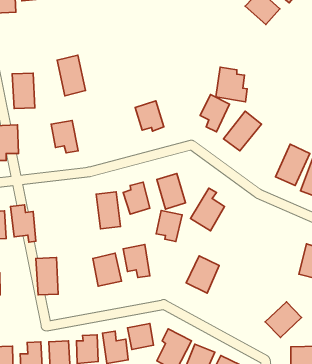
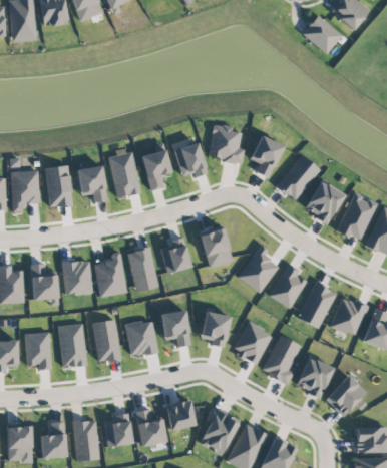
building: [57,55,86,96] -> [108,151,141,198]
building: [216,67,247,102] -> [209,123,245,163]
building: [12,73,35,109] -> [46,166,72,207]
building: none -> [141,149,172,190]
building: none -> [305,181,344,222]
building: none -> [94,252,127,297]
building: none -> [61,259,93,296]
building: none -> [270,264,307,308]
building: [156,210,182,242] -> [201,311,231,347]
building: none -> [299,283,336,328]
building: none -> [331,297,368,337]
building: none -> [92,319,122,363]
building: none -> [25,332,51,370]
building: none -> [263,335,301,384]
building: none -> [296,356,334,398]

